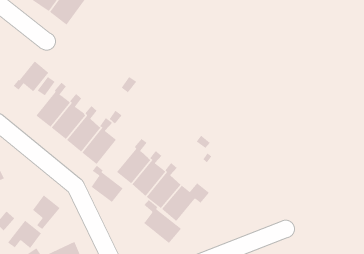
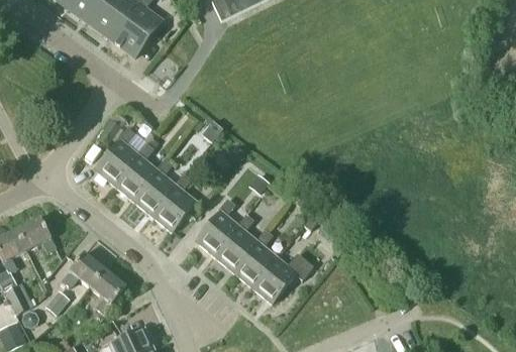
building: [13,61,49,92] -> none
building: [91,165,123,203] -> none
building: [143,199,182,244] -> none
building: [7,220,42,249] -> [62,252,105,288]

